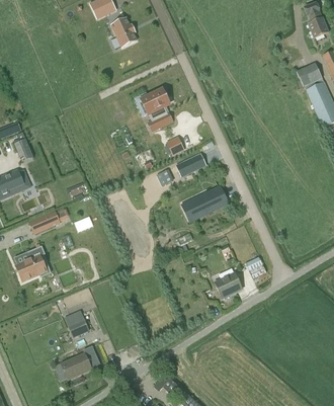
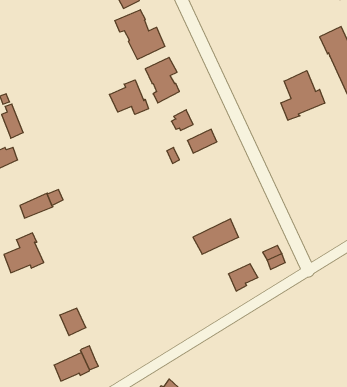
building: none -> [115,10,165,59]
building: none -> [281,71,325,120]
building: none -> [109,80,149,114]
building: [185,187,226,219] -> [193,219,239,254]

